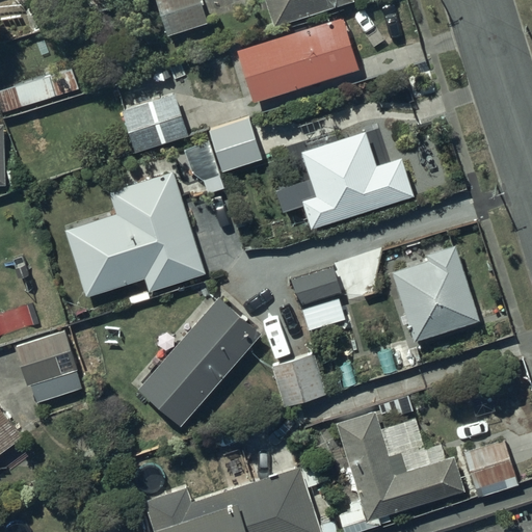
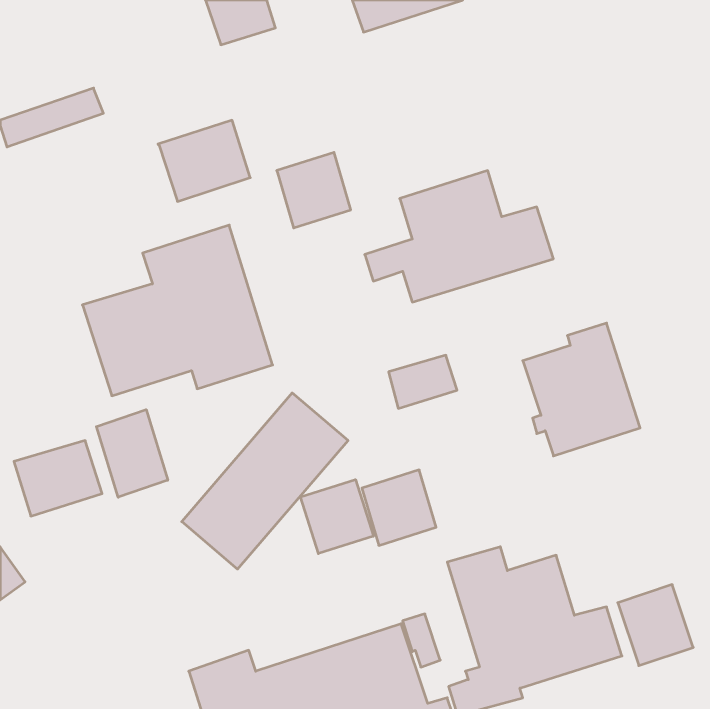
building: [235,18,357,102] -> none
building: none -> [96,410,168,497]
building: none -> [300,480,373,554]

